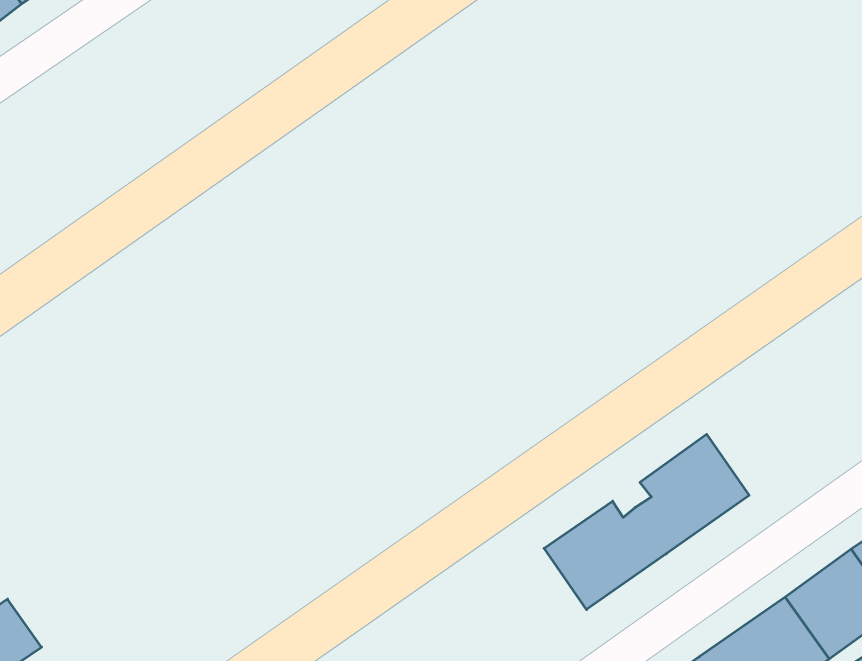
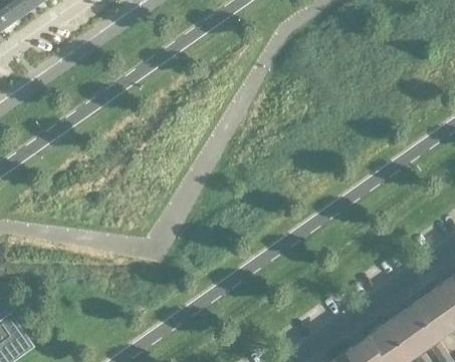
building: [544,434,749,610] -> none

